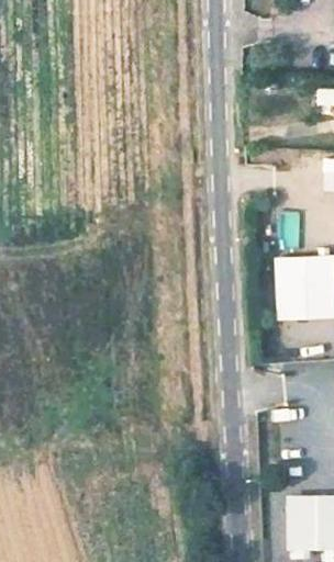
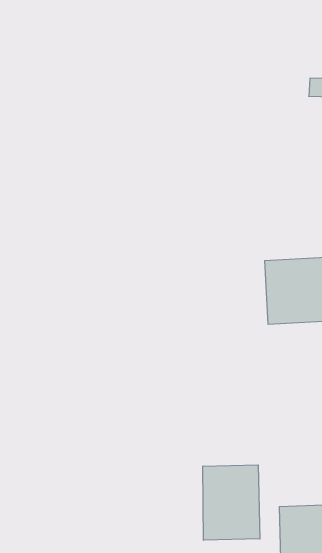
building: none -> [203,465,260,540]

